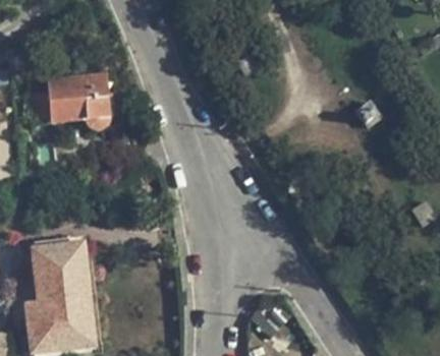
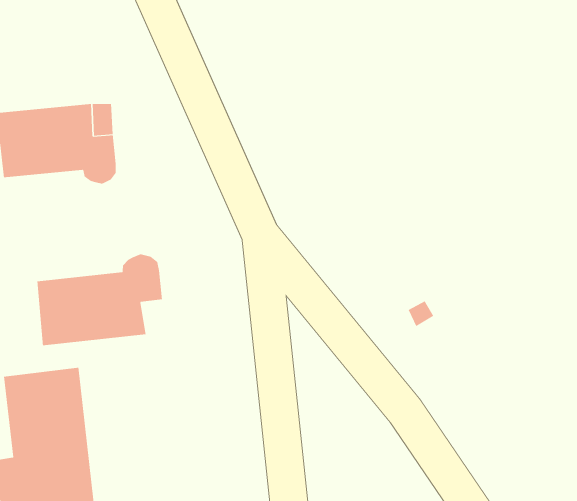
building: none -> [37,254,163,346]

